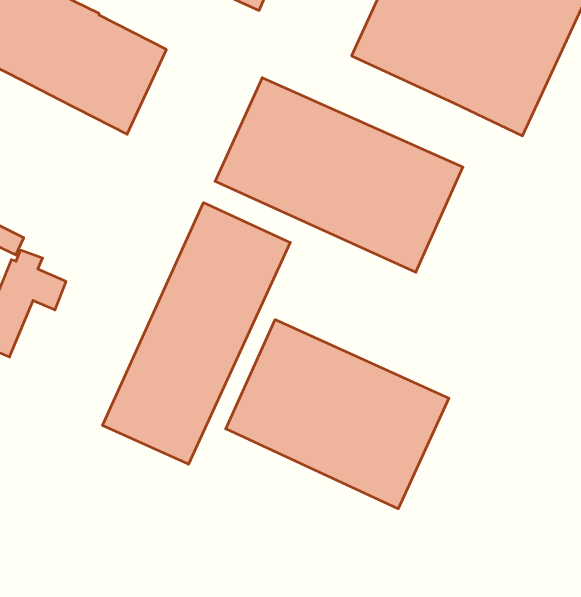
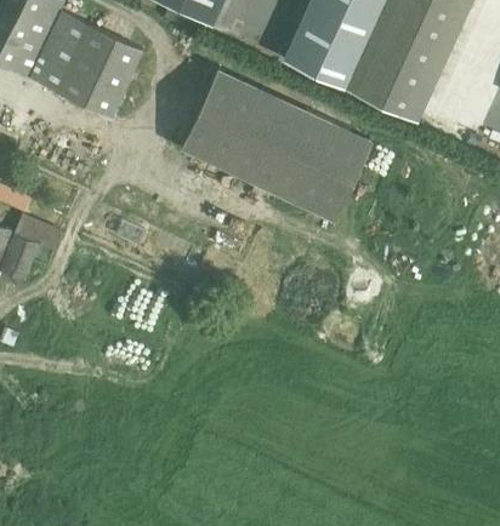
building: [103,203,290,464] -> none
building: [226,320,449,509] -> none

